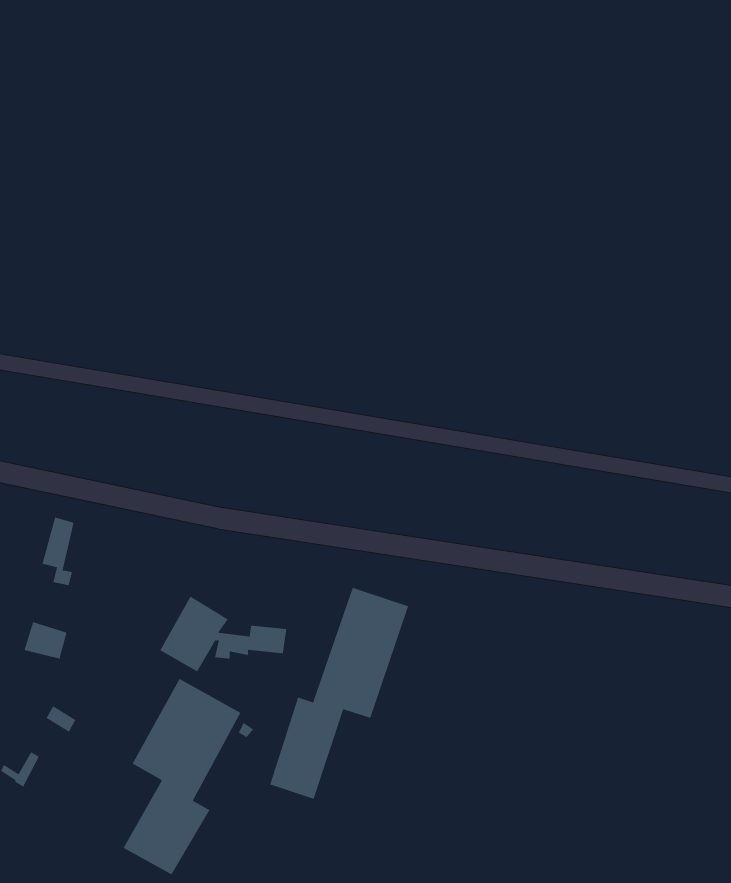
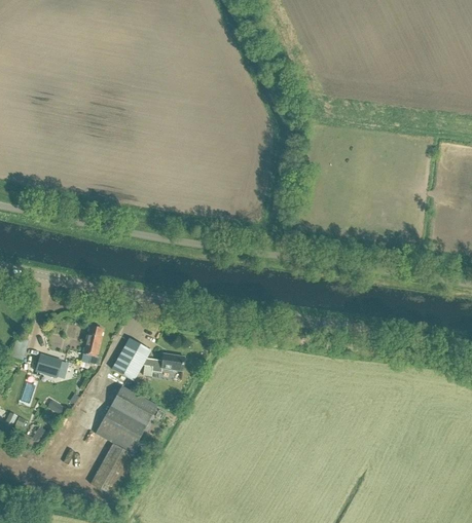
building: [42,517,75,586] -> [83,326,102,365]
building: [269,587,409,800] -> none

